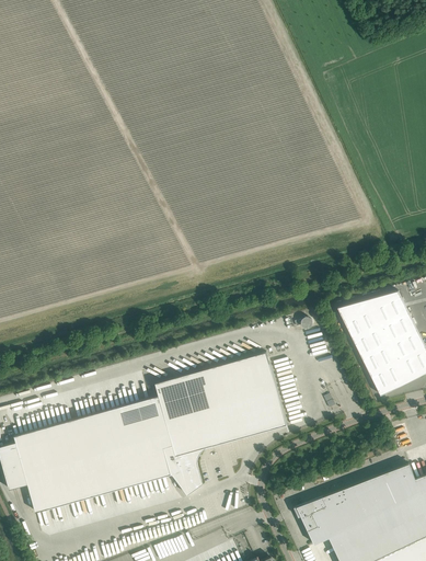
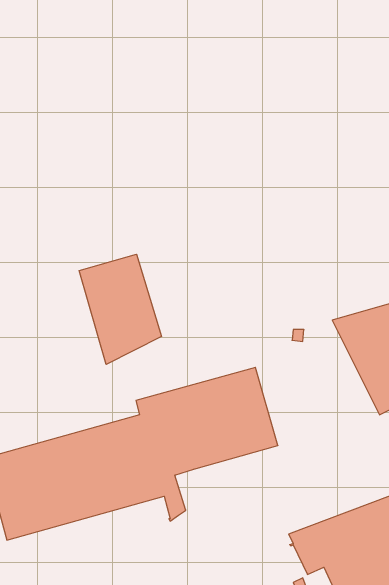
building: none -> [79,254,162,364]

